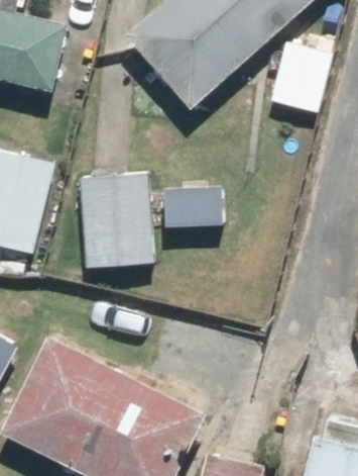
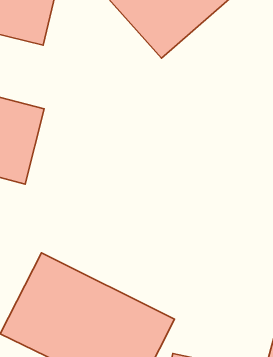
building: [81,176,152,269] -> none

